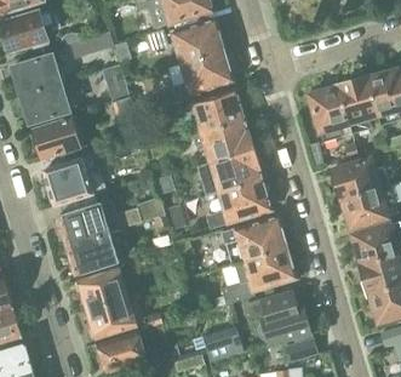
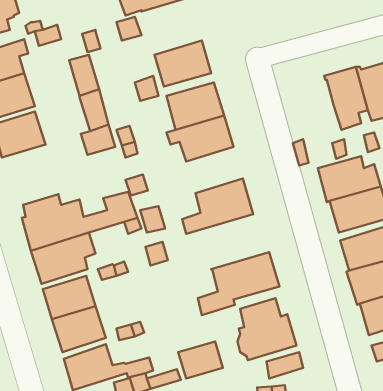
building: [171,18,224,63] -> none
building: [309,86,353,141] -> none
building: [210,148,262,190] -> none
building: [44,154,107,204] -> none
building: [225,216,286,263] -> none

